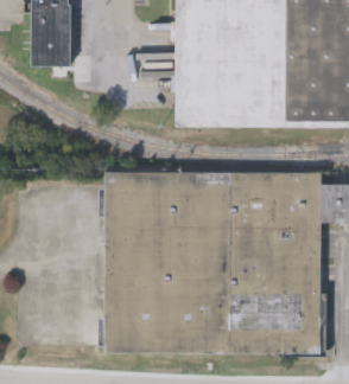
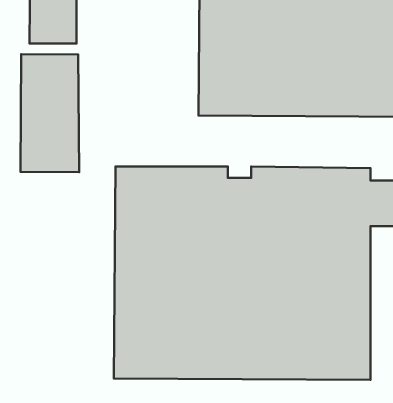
building: none -> [21,54,79,172]

